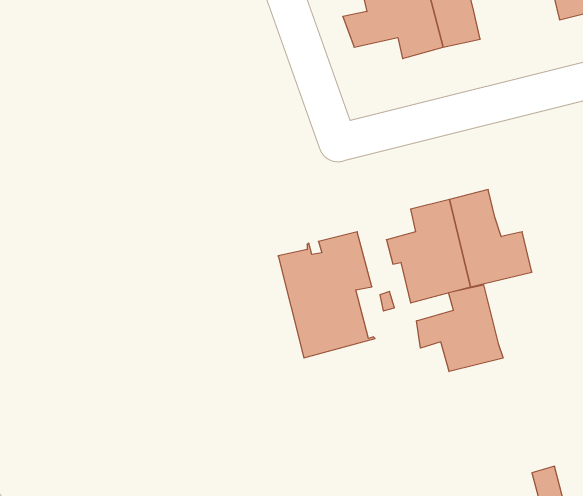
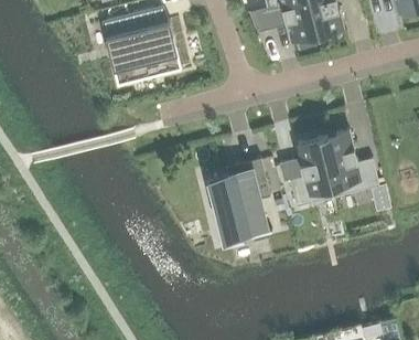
building: none -> [103,8,182,82]
building: [417,285,503,372] -> none

